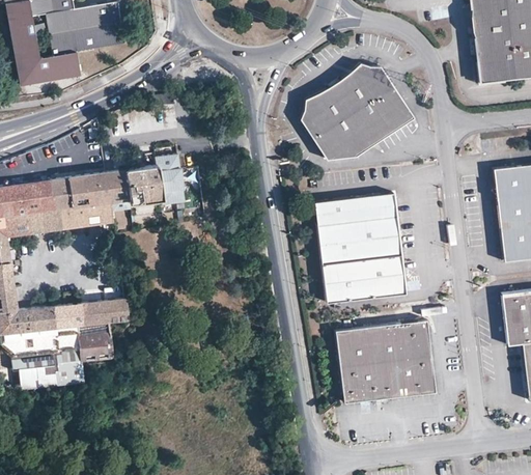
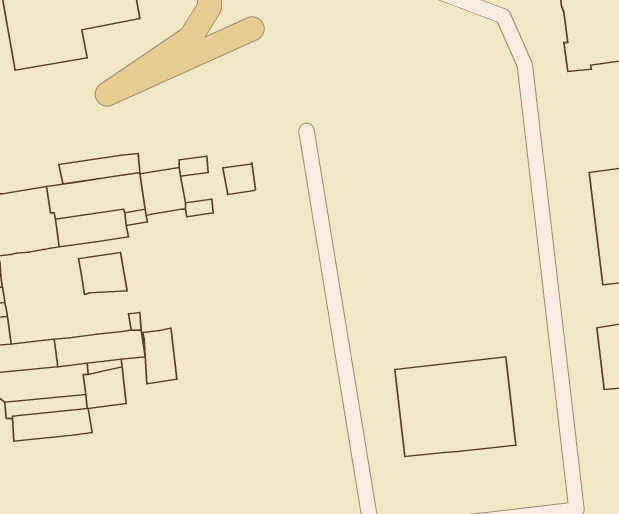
building: [300,61,414,160] -> none
building: none -> [59,153,140,184]
building: [159,167,186,193] -> [223,163,256,194]
building: [313,192,406,302] -> none
building: none -> [79,252,127,294]
building: none -> [143,328,177,384]

